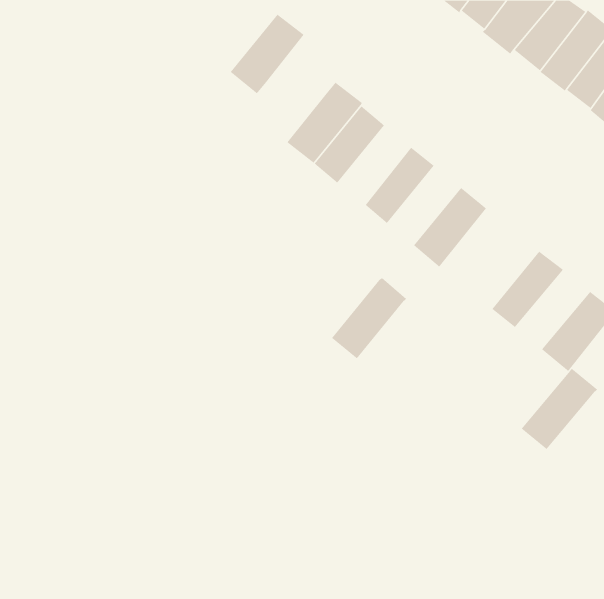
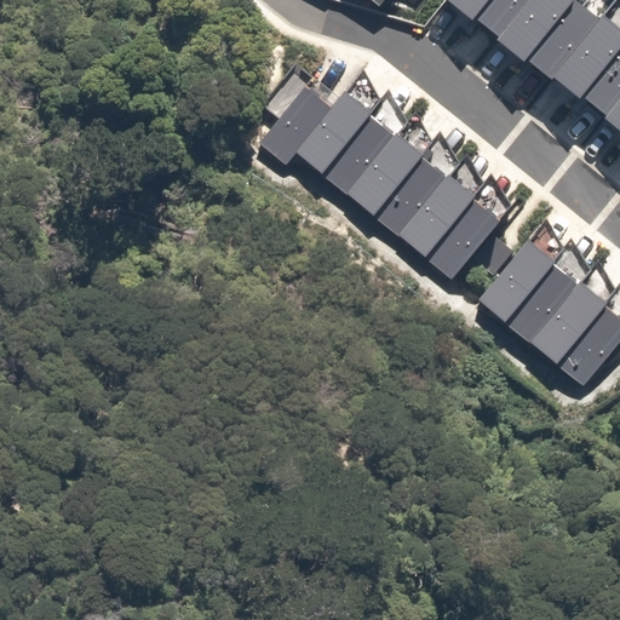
building: [230,14,305,94] -> [257,81,333,163]
building: none -> [346,132,424,216]
building: none -> [476,237,555,322]
building: [331,277,407,359] -> [397,173,475,257]
building: [521,368,598,450] -> [528,280,607,363]

